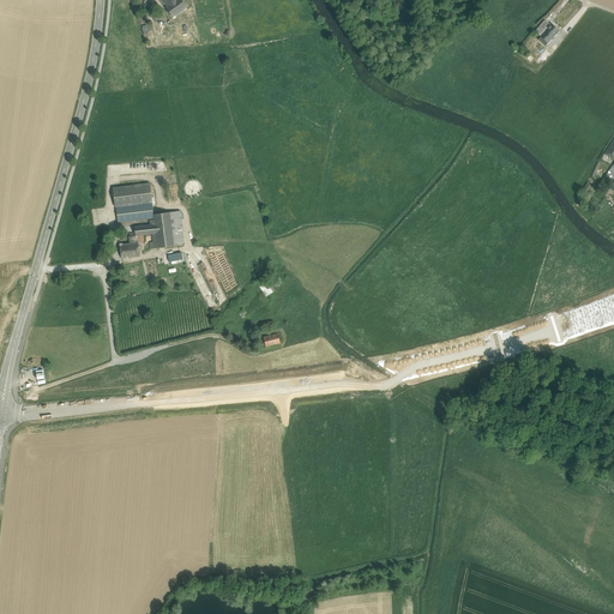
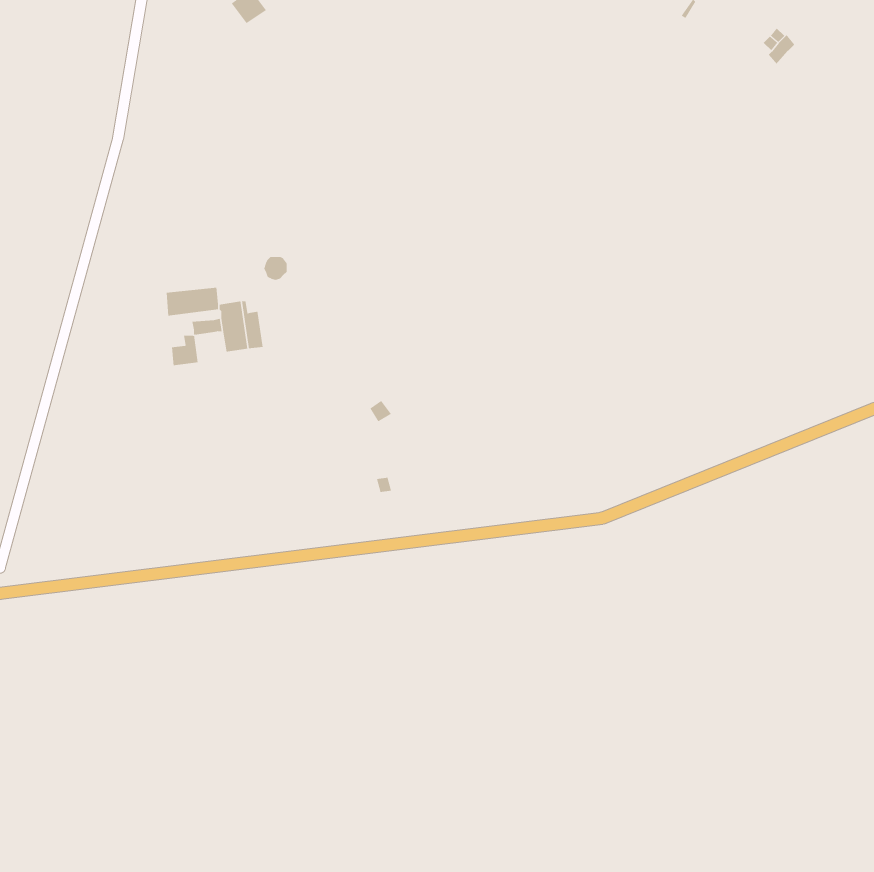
building: [113,182,152,205] -> none

